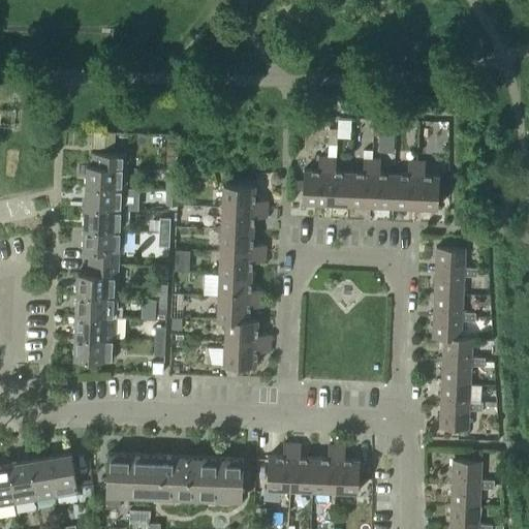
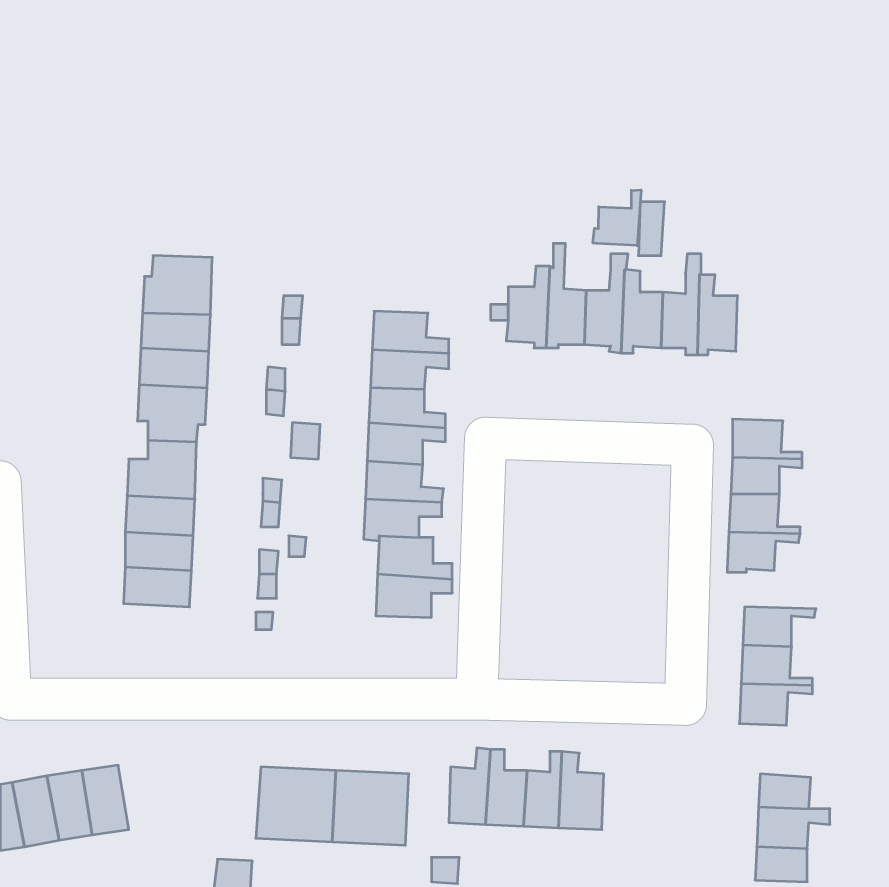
building: none -> [593,190,641,246]
building: [442,339,485,363] -> none
building: [105,455,155,499] -> none

